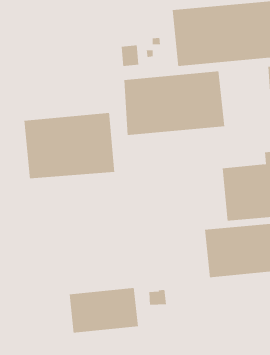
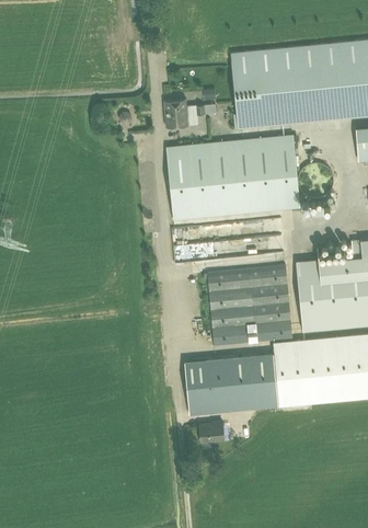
building: [24,112,115,179] -> none
building: none -> [207,265,292,346]
building: [69,288,139,333] -> [184,355,276,415]

